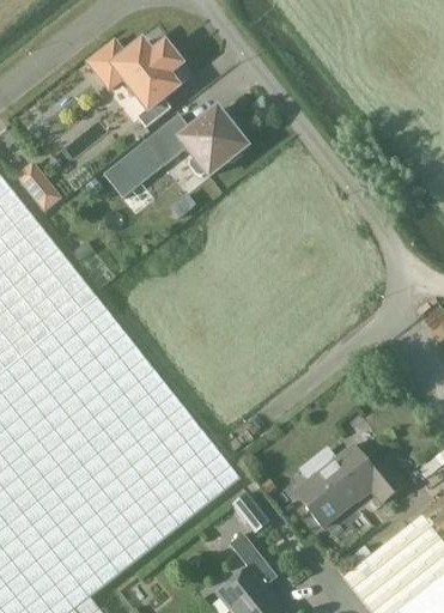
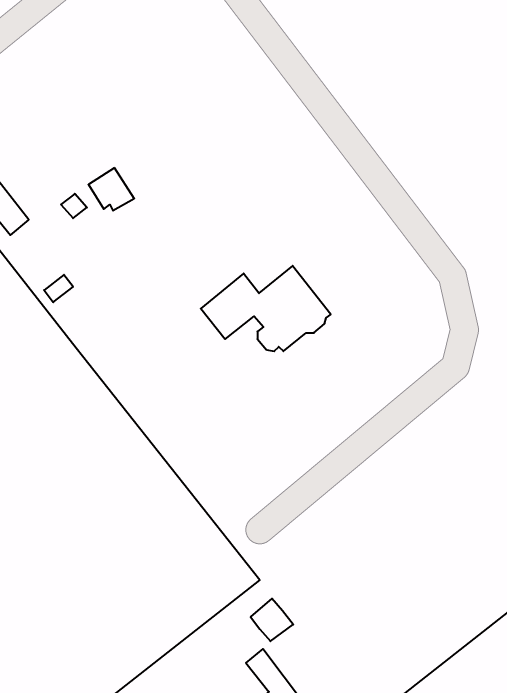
building: [97,42,187,128] -> none
building: [145,109,247,176] -> [201,266,331,351]
building: [293,444,402,529] -> none

